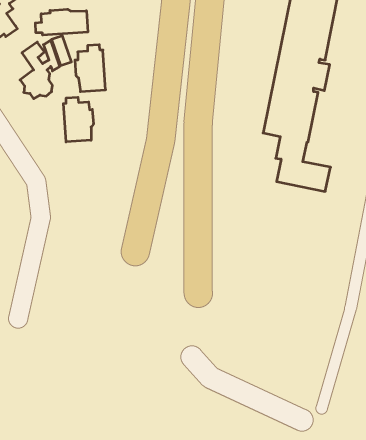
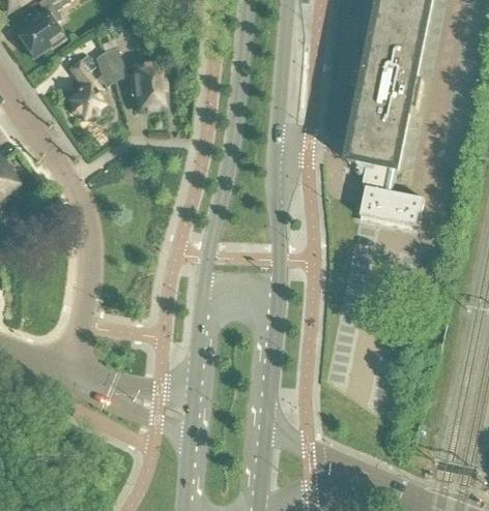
building: [35,9,88,35] -> none
building: [63,97,93,142] -> none

